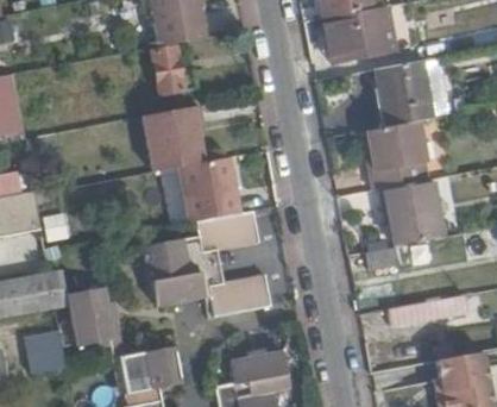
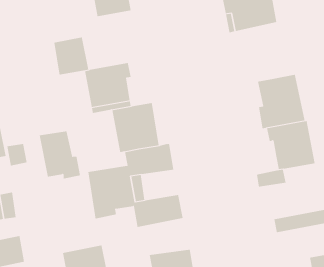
building: [152,43,199,93] -> [53,37,89,75]
building: [376,60,435,126] -> none
building: [65,283,120,346] -> [39,131,81,179]

